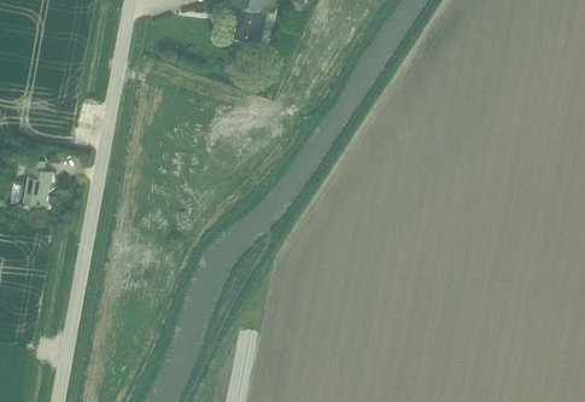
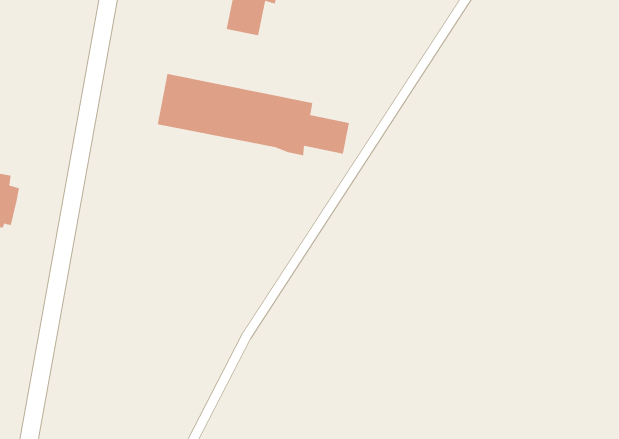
building: none -> [157,73,349,156]

